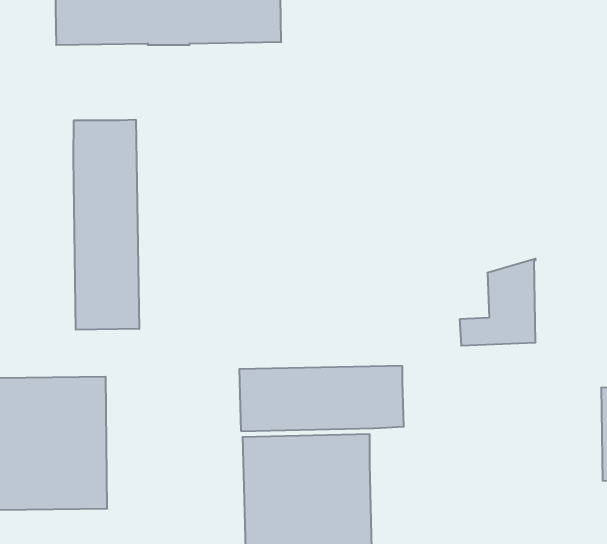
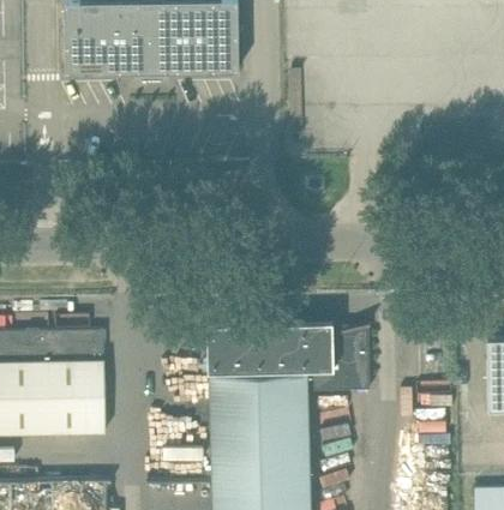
building: [73,120,139,330] -> none
building: [460,259,536,346] -> [311,324,370,391]

